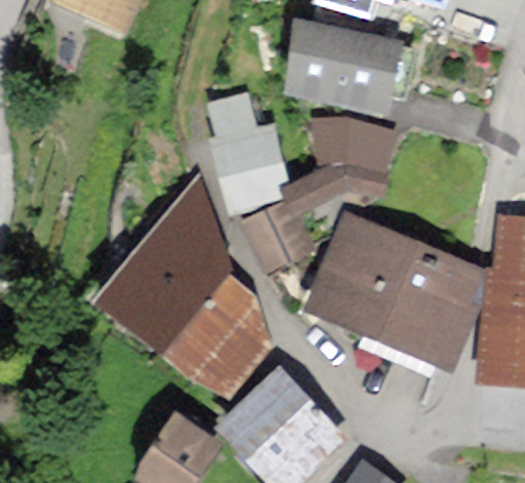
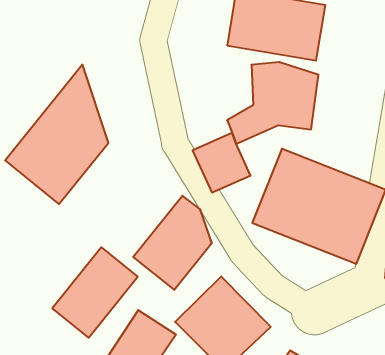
building: [207,112,274,187] -> none
building: [104,180,230,351] -> [5,65,108,204]
building: none -> [52,247,138,338]

